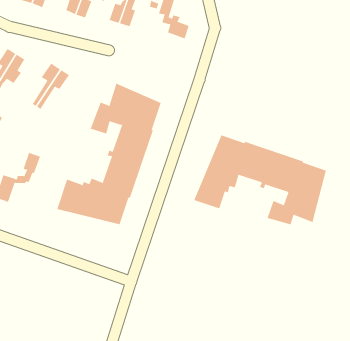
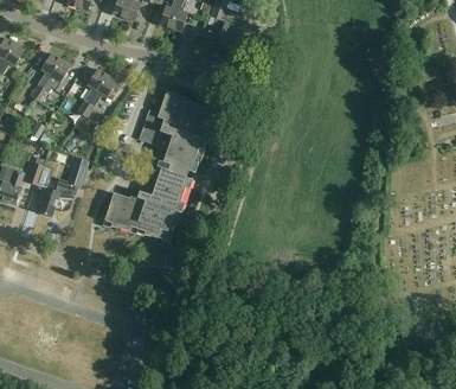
building: [194,134,327,225] -> none

